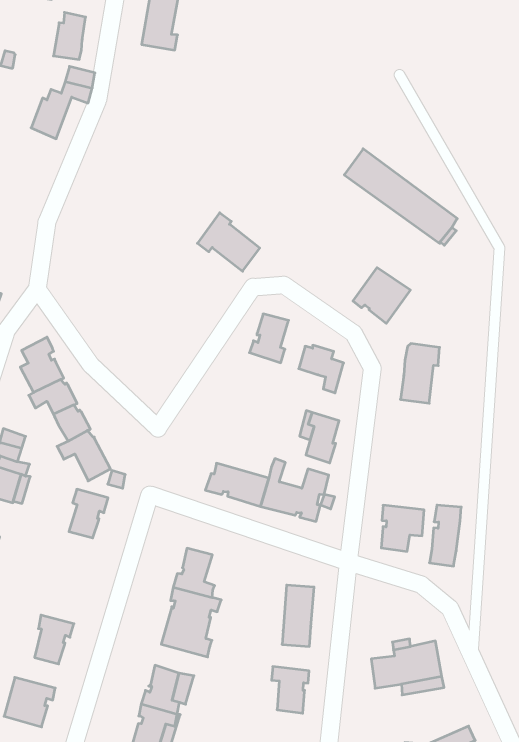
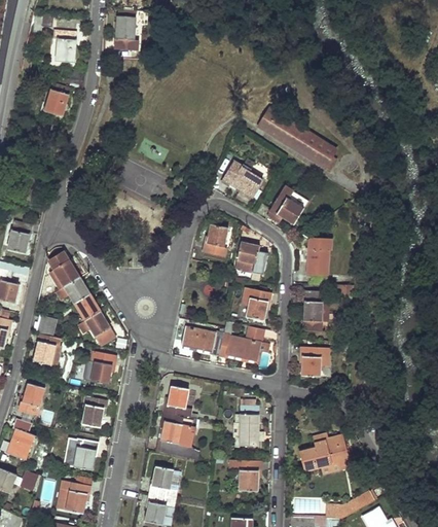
building: [197,213,260,271] -> [220,161,262,199]
building: [429,505,461,566] -> [303,291,322,331]
building: none -> [82,396,106,427]

